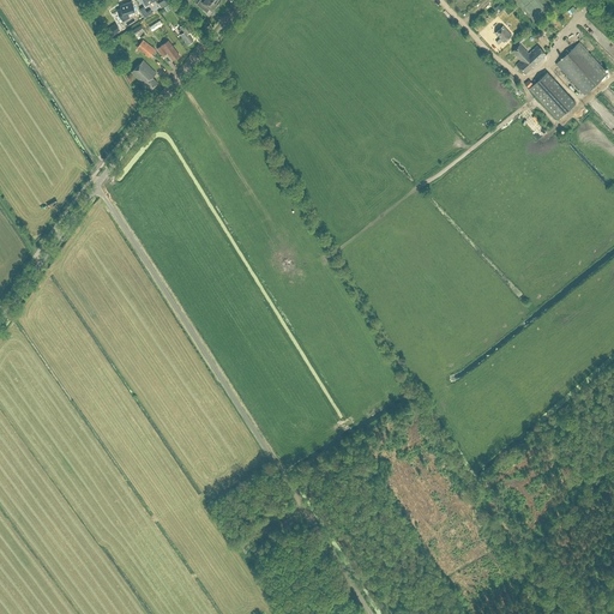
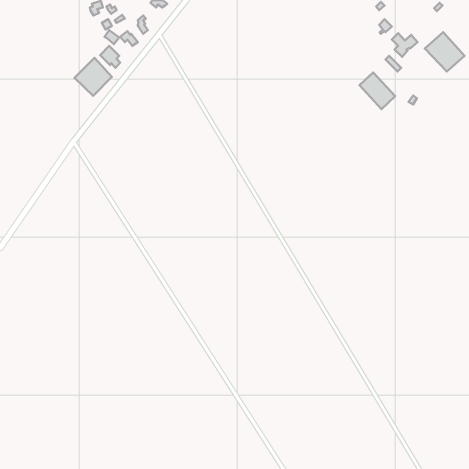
building: [529,71,576,119] -> [360,72,395,109]
building: none -> [74,58,112,96]

